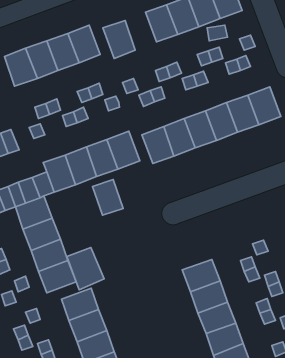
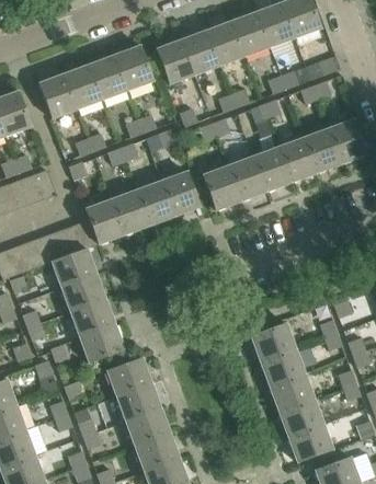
building: none -> [182,30,219,74]
building: [93,180,123,215] -> none
building: [67,248,104,290] -> none

